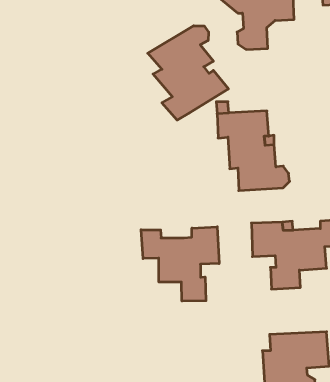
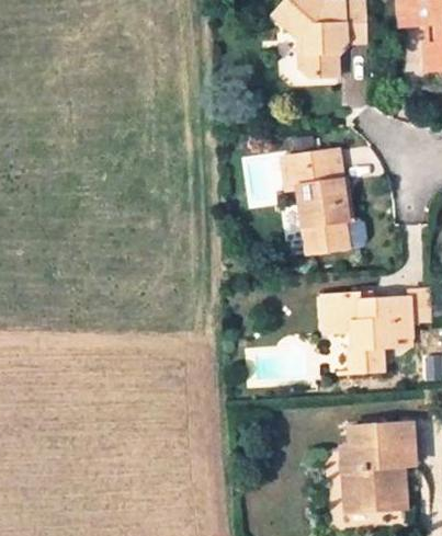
building: [148,26,228,120] -> none
building: [141,227,219,301] -> none

